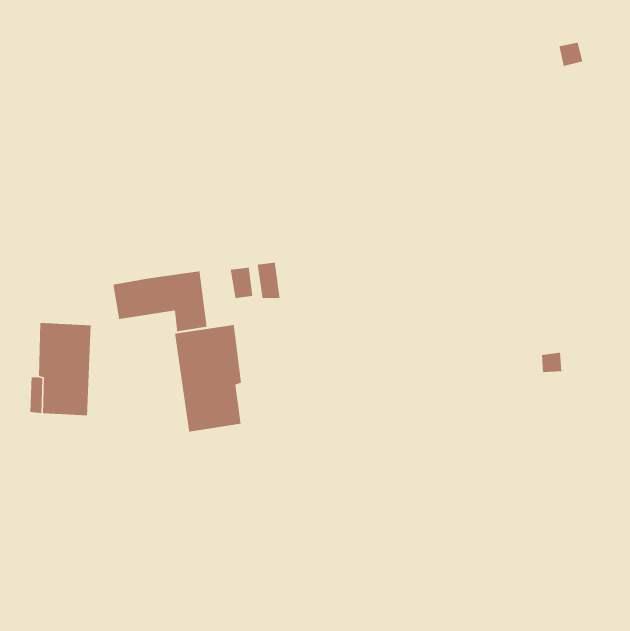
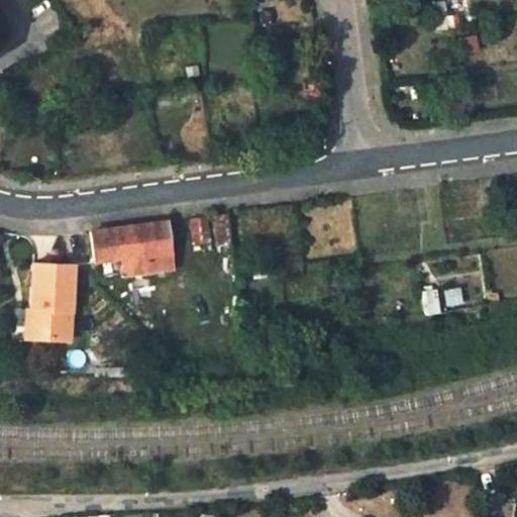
building: [174,324,242,432] -> none

